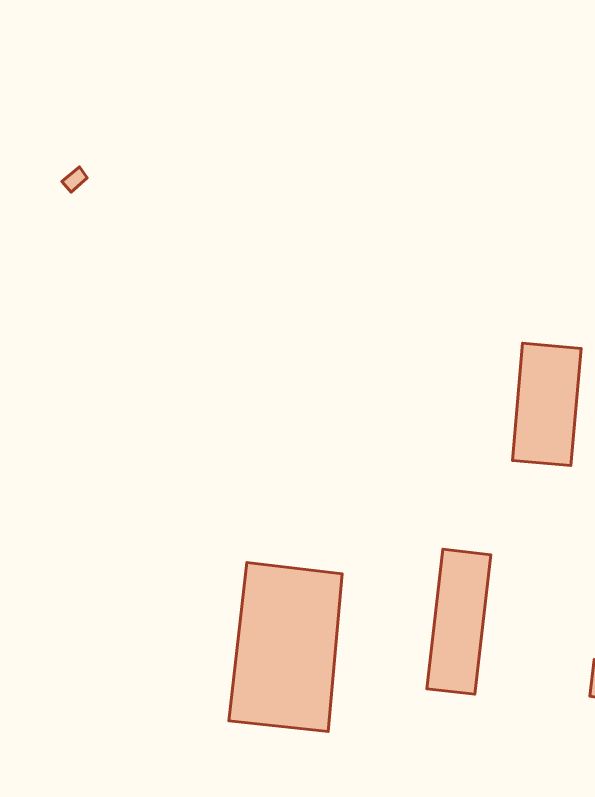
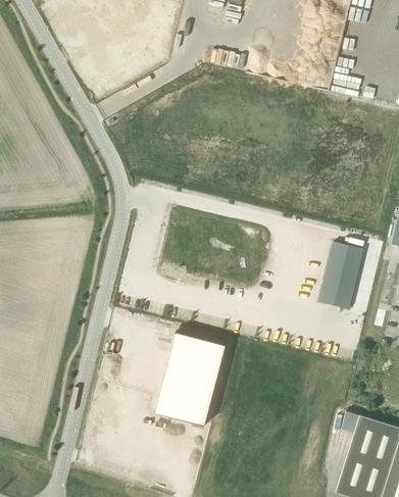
building: [427,549,491,694] -> none

